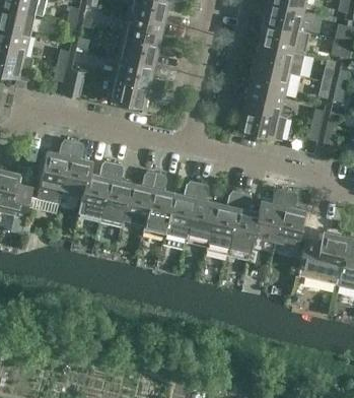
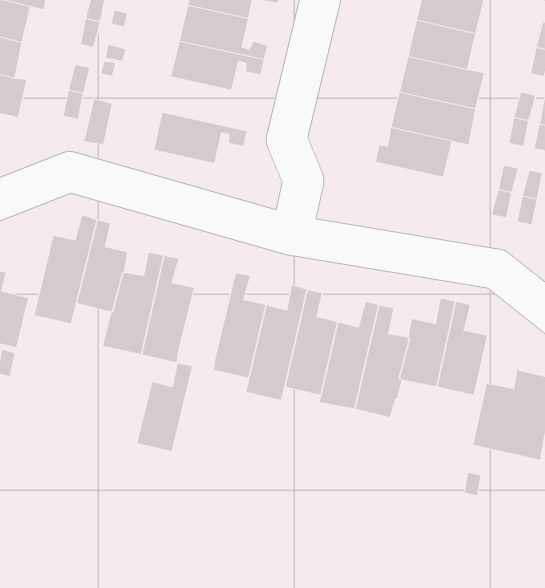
building: [114,56,166,88] -> none
building: [237,107,287,139] -> none
building: [124,171,157,223] -> [136,363,193,452]

